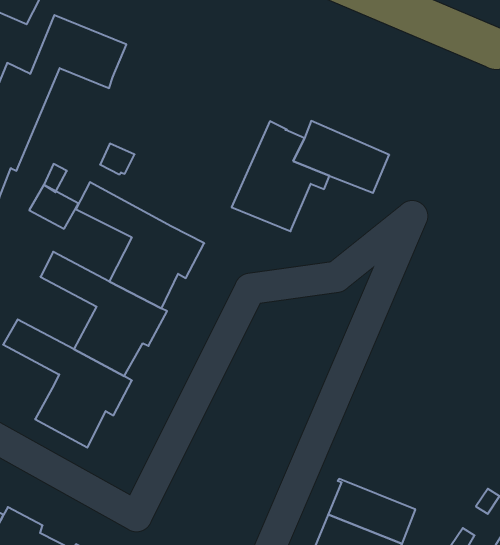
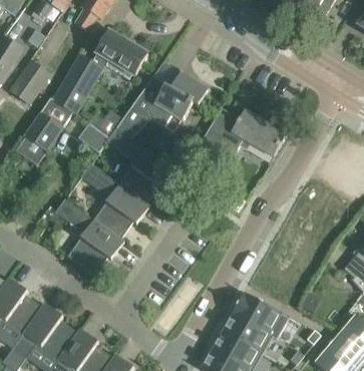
building: none -> [131,73,208,122]
building: none -> [232,293,288,338]

